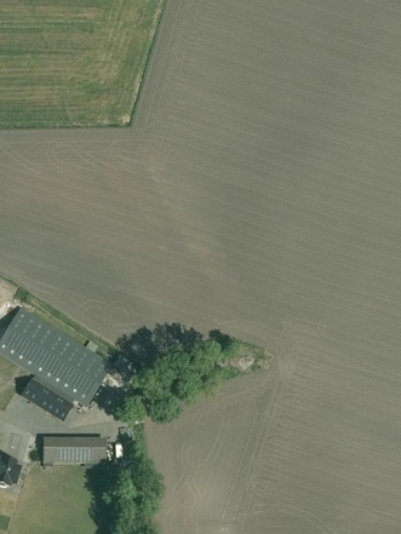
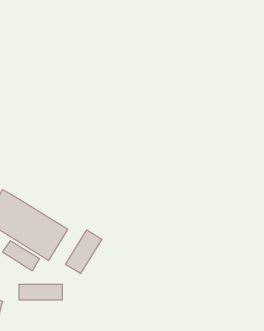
building: none -> [65,230,102,274]

